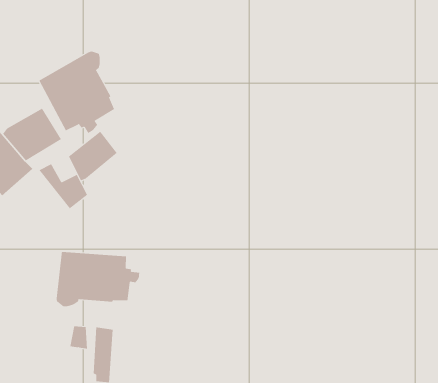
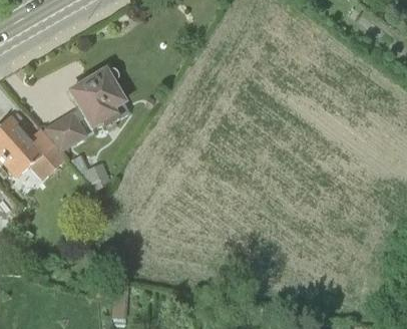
building: [68,131,117,181] -> none
building: [56,251,140,307] -> none

